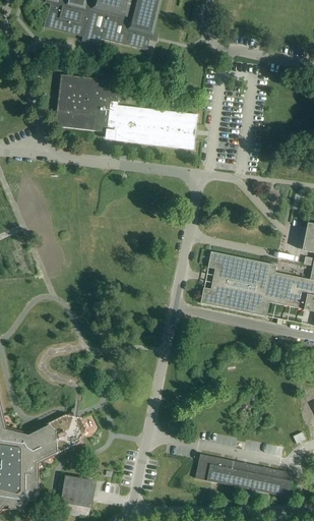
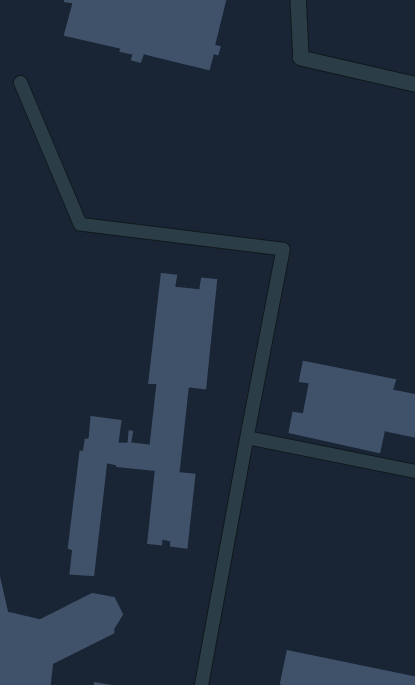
building: [55,74,198,149] -> none
building: none -> [67,272,218,577]

